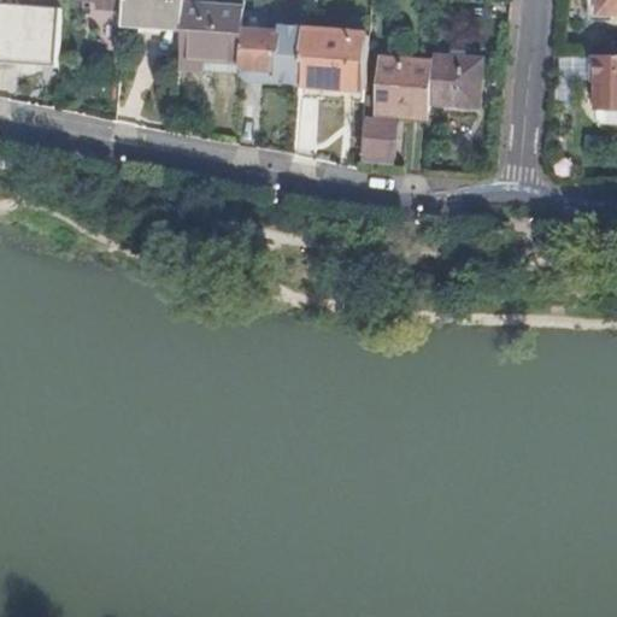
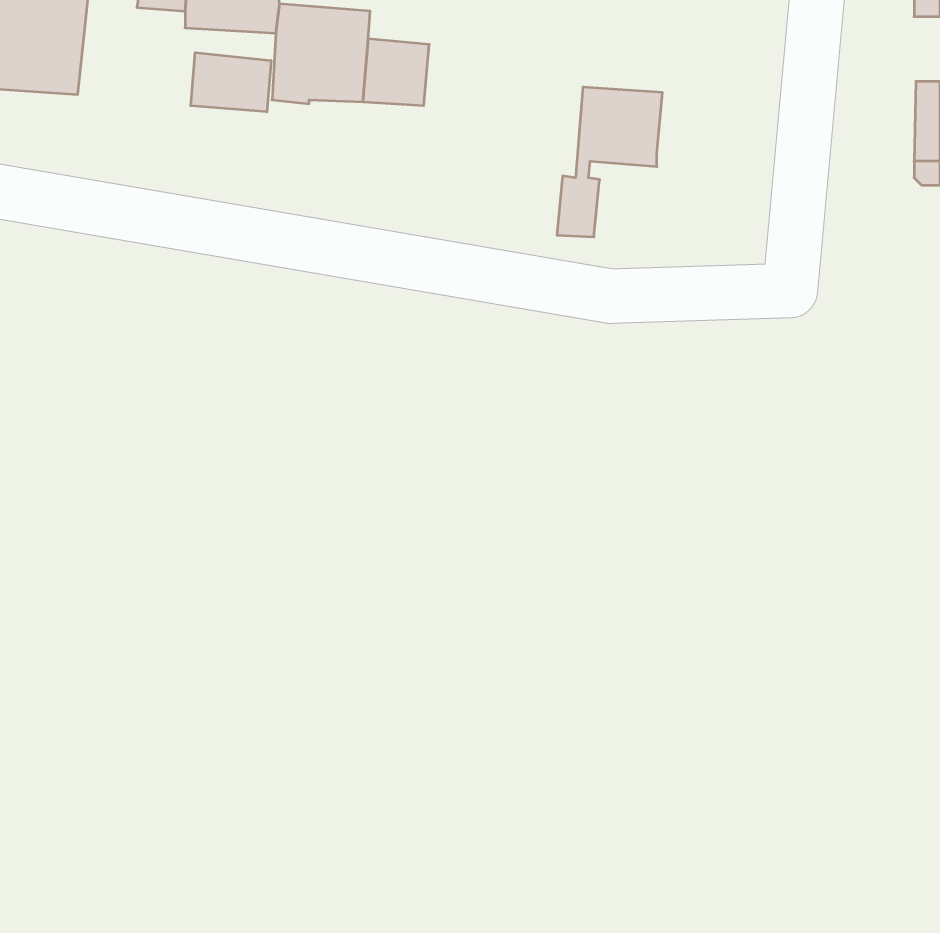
building: [294,27,366,100] -> none
building: none -> [191,53,271,112]
building: [428,52,481,104] -> none

